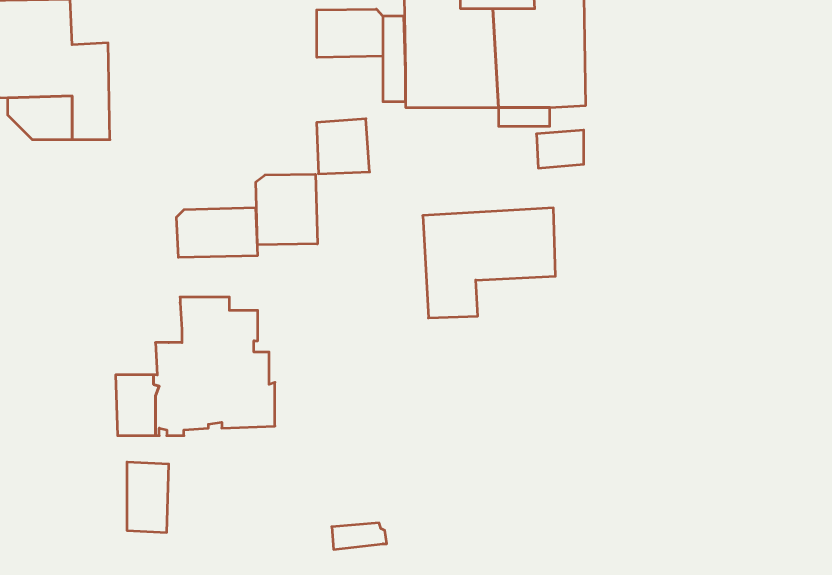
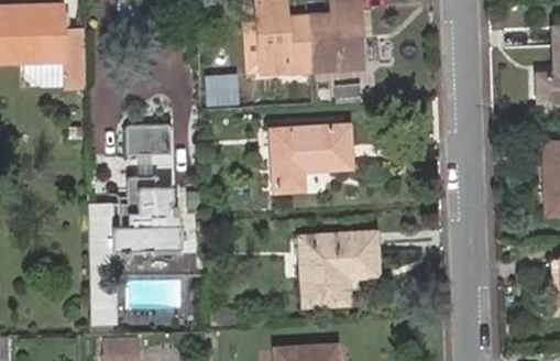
building: [317,9,383,57] -> none
building: [256,174,317,245] -> none
building: none -> [299,234,376,305]

